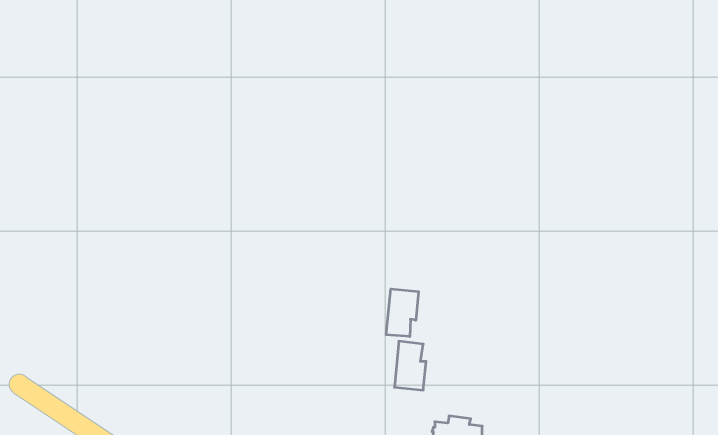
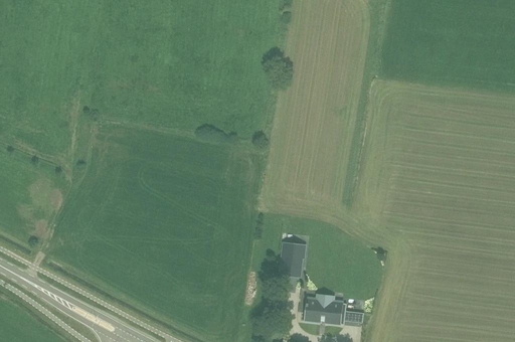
building: [386,289,419,337] -> none

